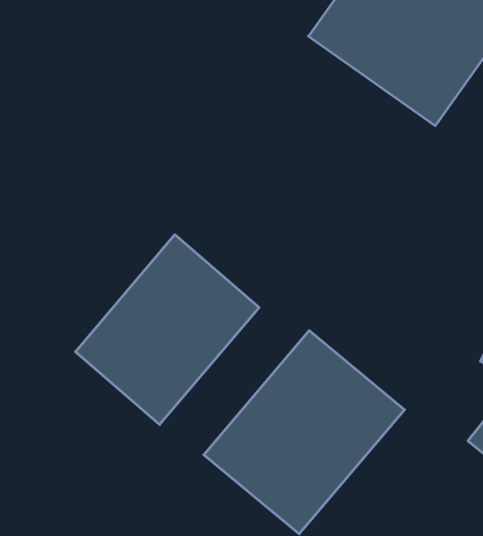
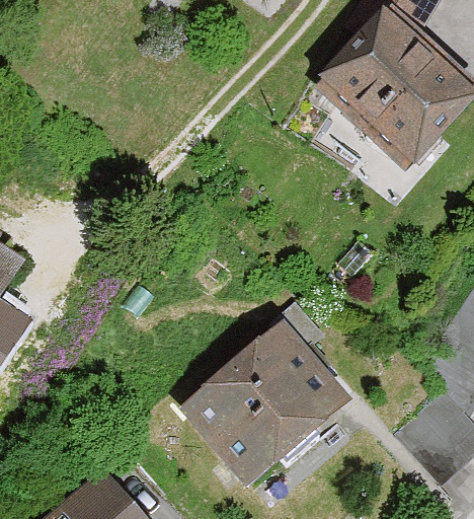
building: [75,235,259,425] -> none

